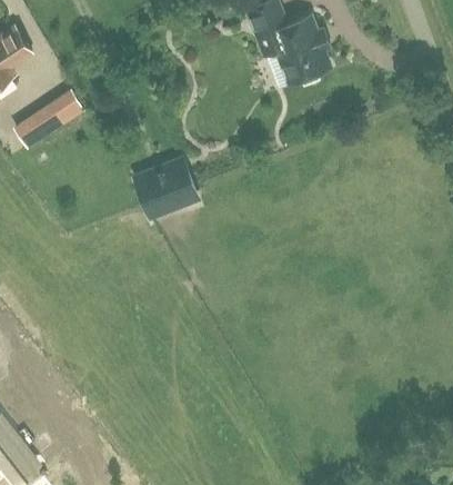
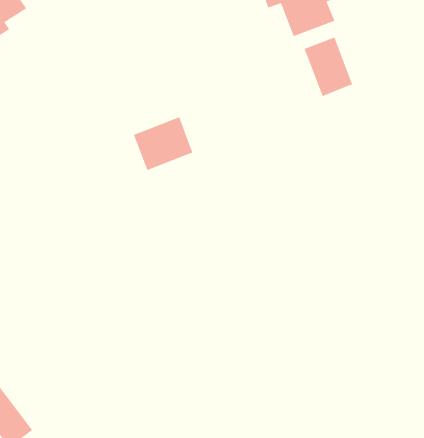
building: none -> [304,36,353,97]
building: [13,92,83,146] -> none

